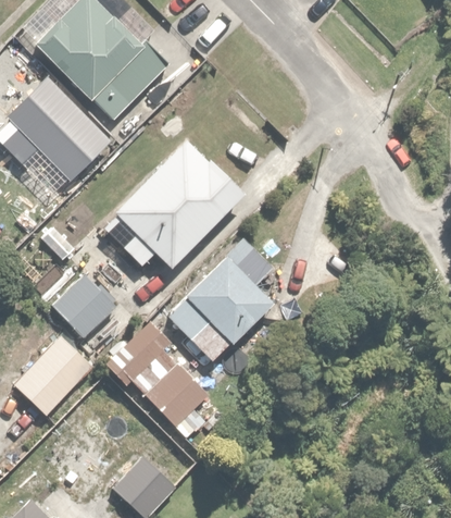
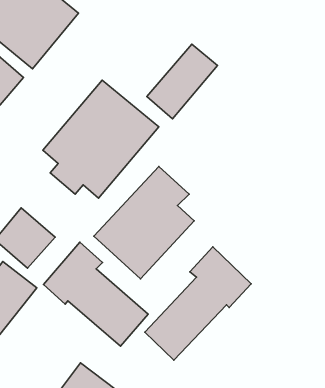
building: none -> [147,44,217,119]
building: none -> [145,247,251,360]

